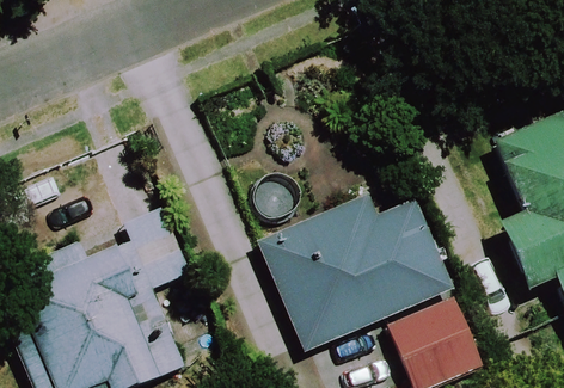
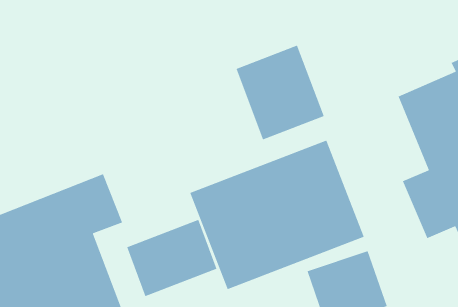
building: none -> [235,44,325,140]
building: none -> [126,219,217,297]

